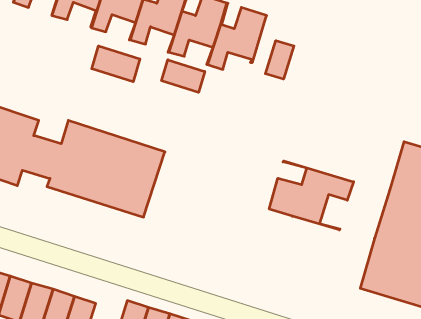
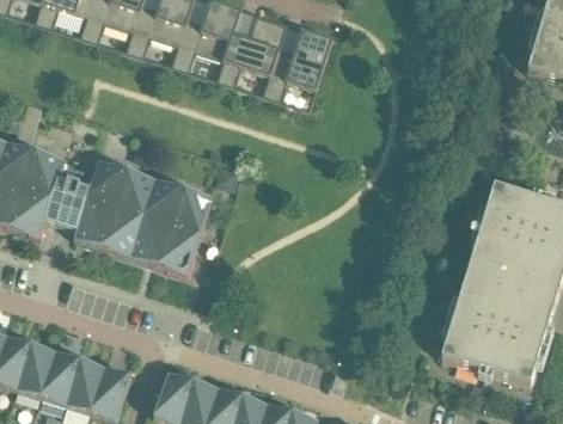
building: [265,41,294,79] -> none
building: [92,46,140,82] -> none
building: [162,60,205,92] -> none
building: [269,161,354,230] -> none

